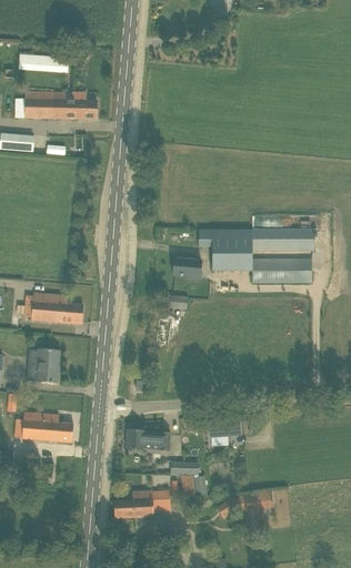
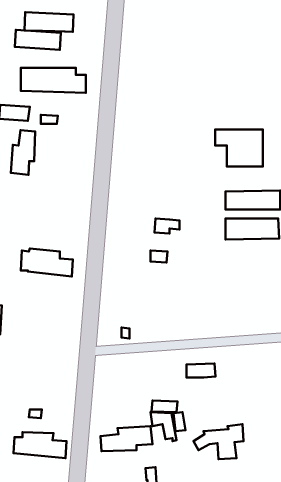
building: none -> [25,12,73,32]
building: none -> [11,130,35,175]
building: [200,230,253,271] -> [215,130,263,167]
building: [30,349,60,384] -> none
building: [16,414,74,443] -> [14,432,67,458]
building: [127,430,171,450] -> none

